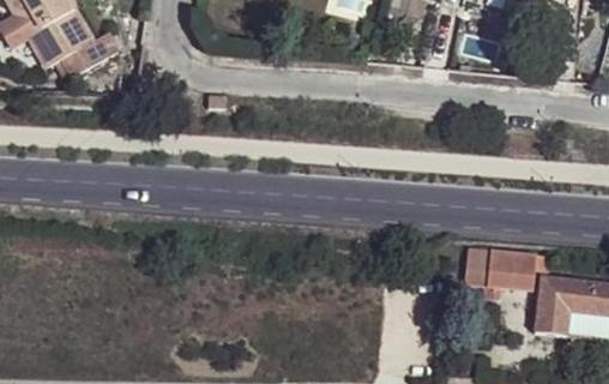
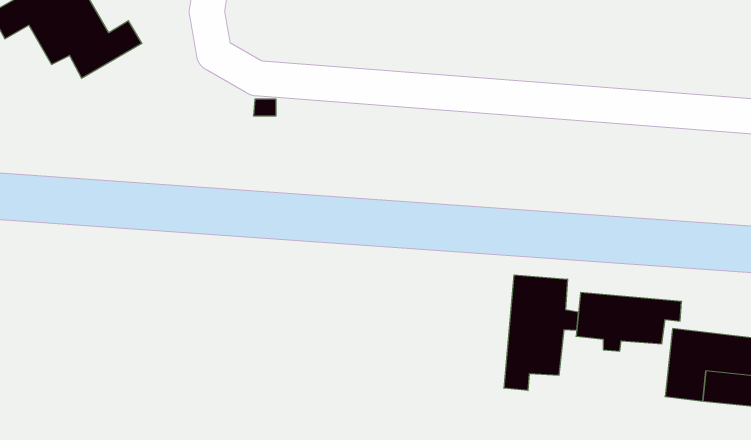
building: none -> [504,275,578,391]

